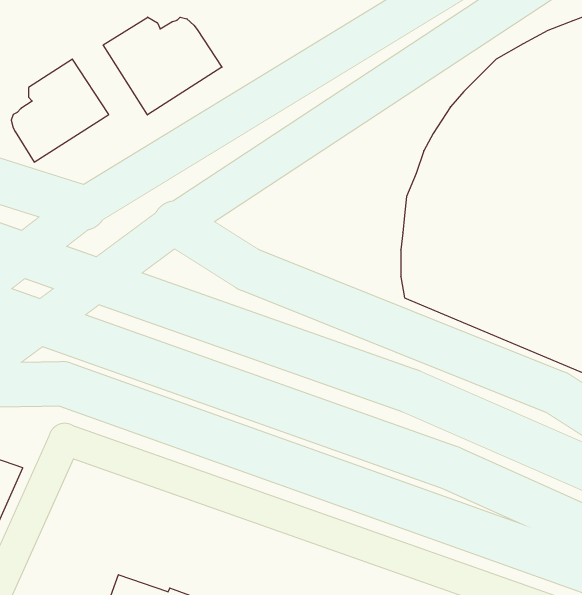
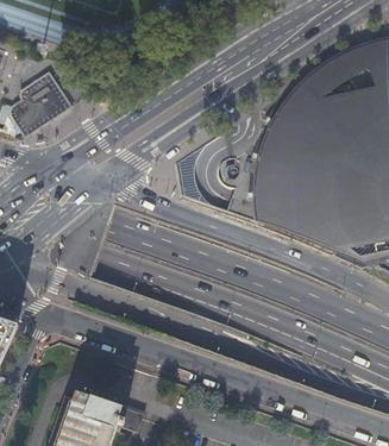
building: [103,17,222,115] -> none

